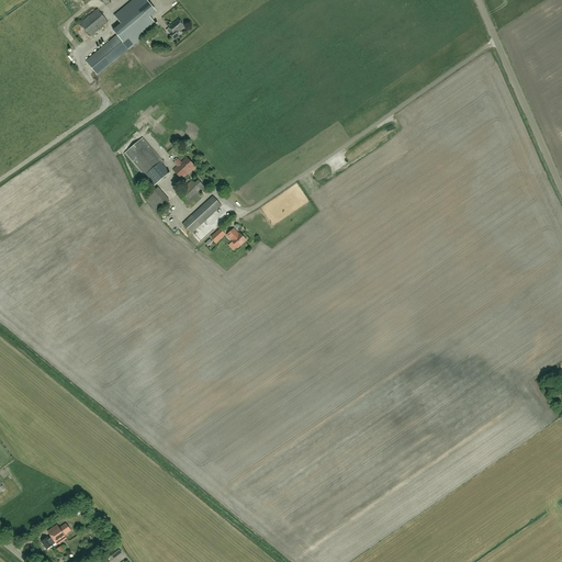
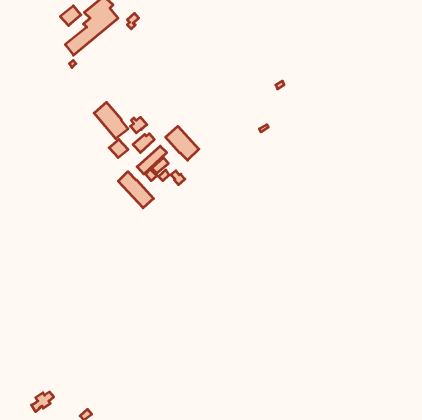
building: none -> [166,126,199,160]
building: none -> [118,172,154,208]

